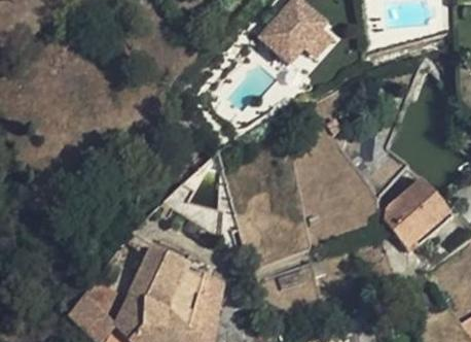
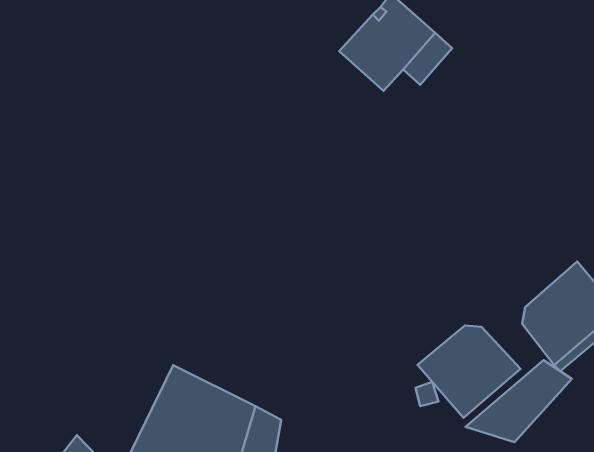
building: none -> [417,326,521,418]
building: none -> [465,360,572,442]

